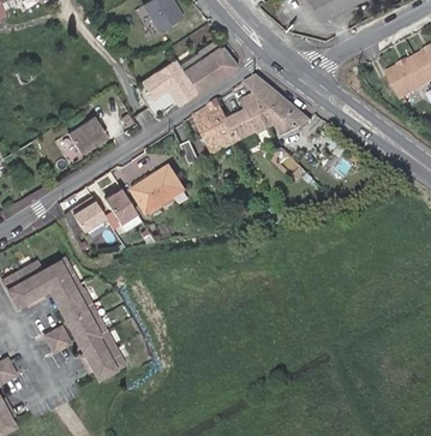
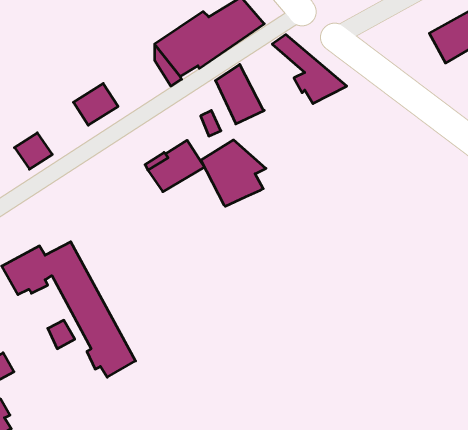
building: [216,83,274,142] -> [201,140,266,206]
building: [104,190,137,225] -> none
building: [71,198,104,231] -> [14,133,52,169]

